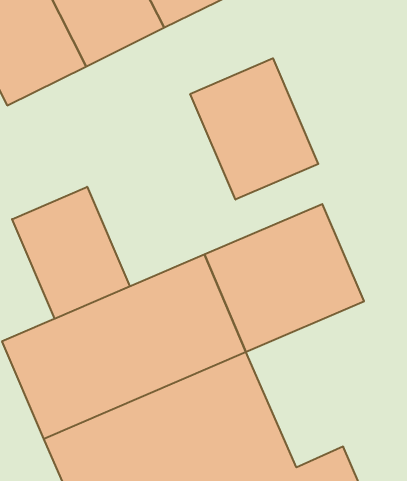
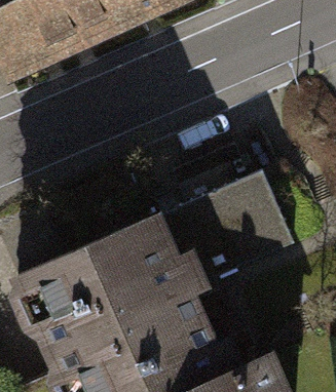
building: [190,58,318,200] -> none
building: [12,187,130,319] -> none

